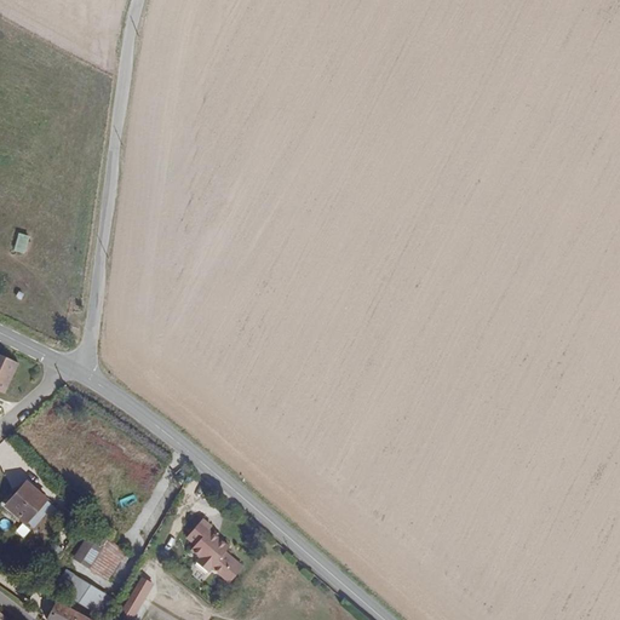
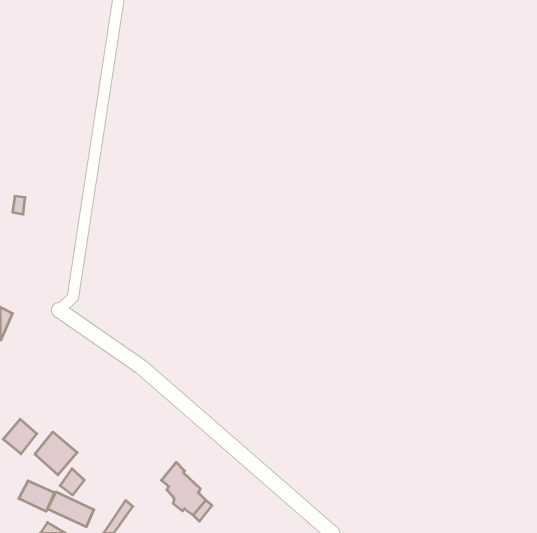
building: none -> [35,432,77,475]
building: none -> [19,481,55,511]

